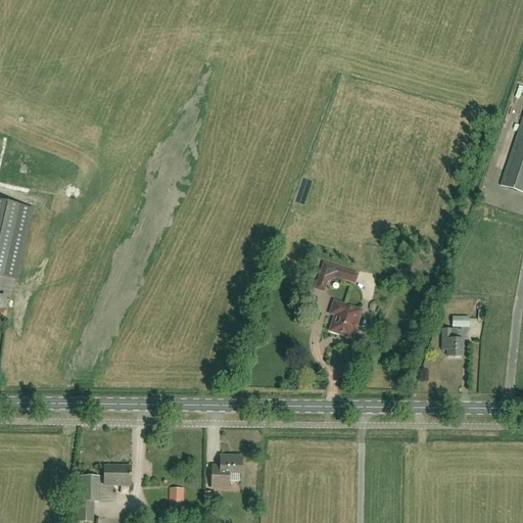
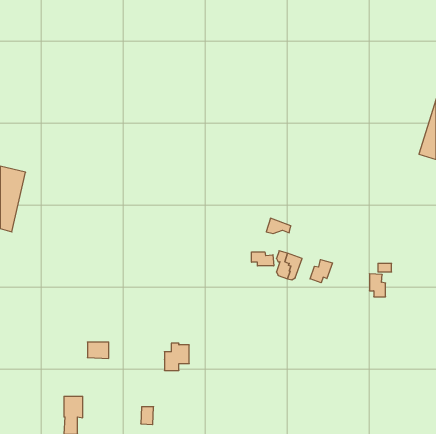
building: none -> [252,252,274,266]
building: none -> [310,260,332,283]
building: [211,455,241,487] -> [164,343,189,370]
building: [104,465,130,484] -> [87,342,109,358]

